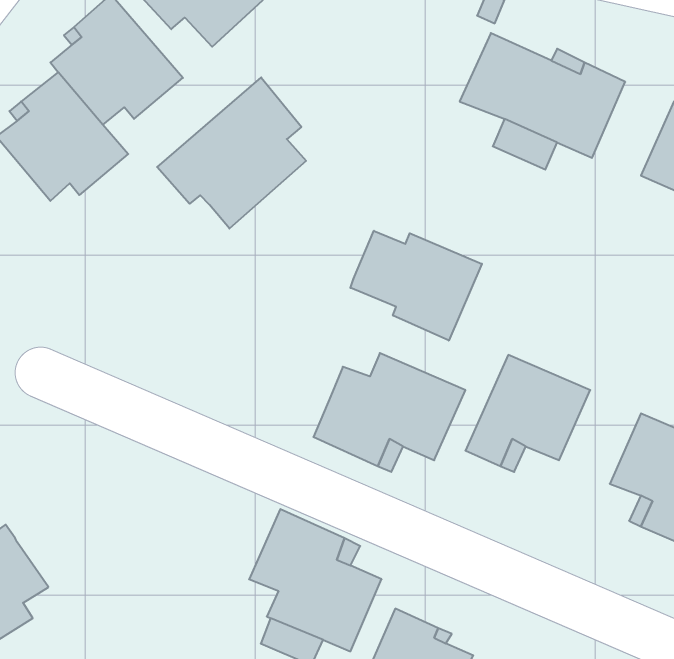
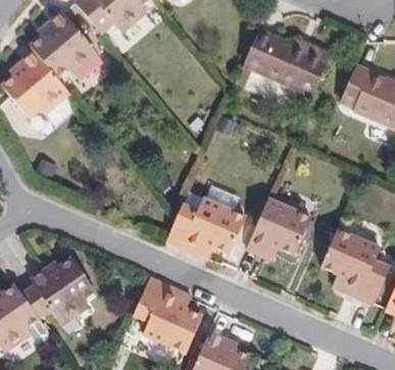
building: [157,77,306,229] -> none
building: [350,231,482,341] -> none
building: none -> [11,259,92,330]

